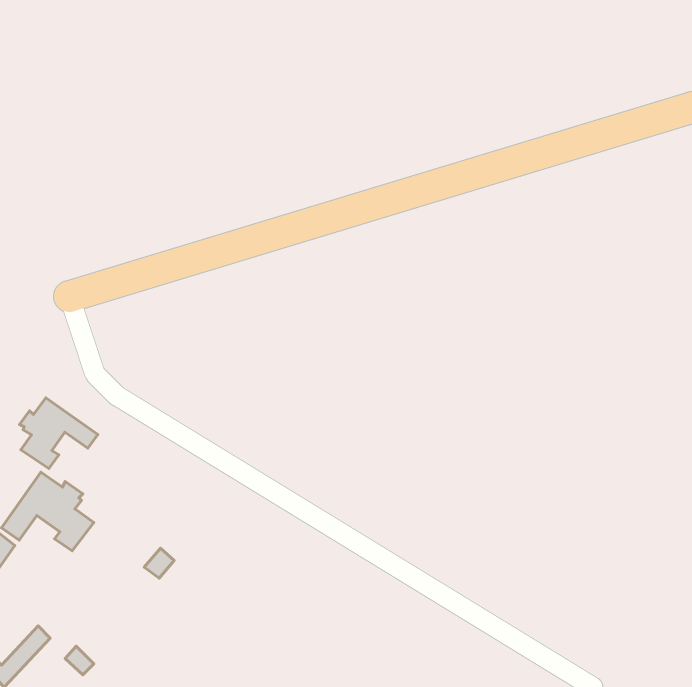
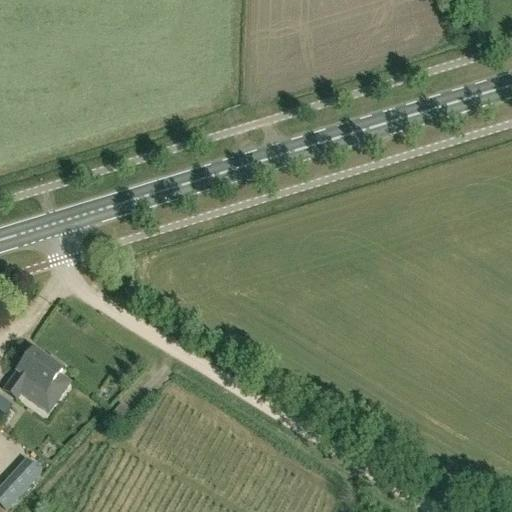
building: [20,398,98,468] -> none

